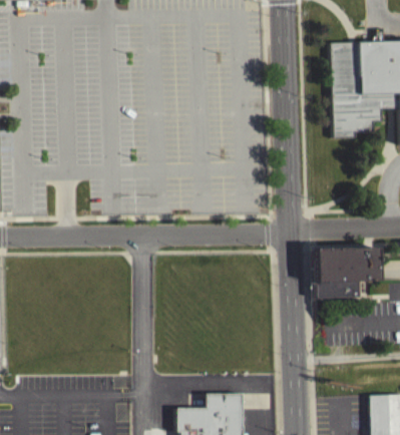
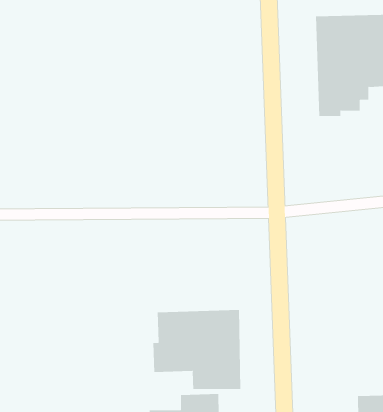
building: [314,248,378,299] -> none
building: none -> [153,309,241,390]

